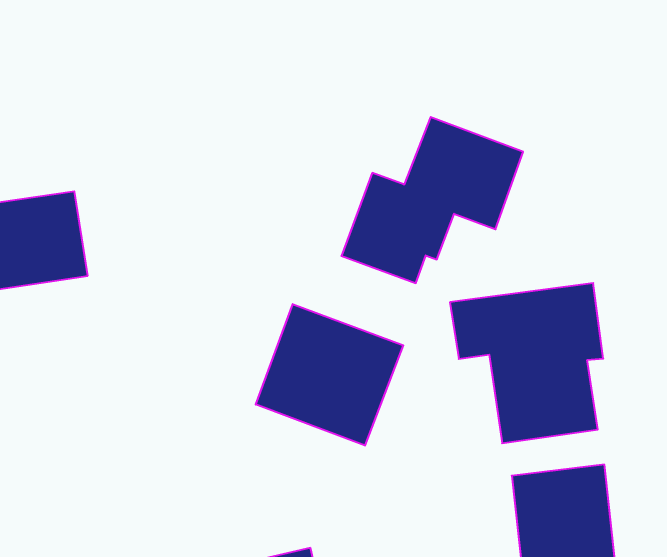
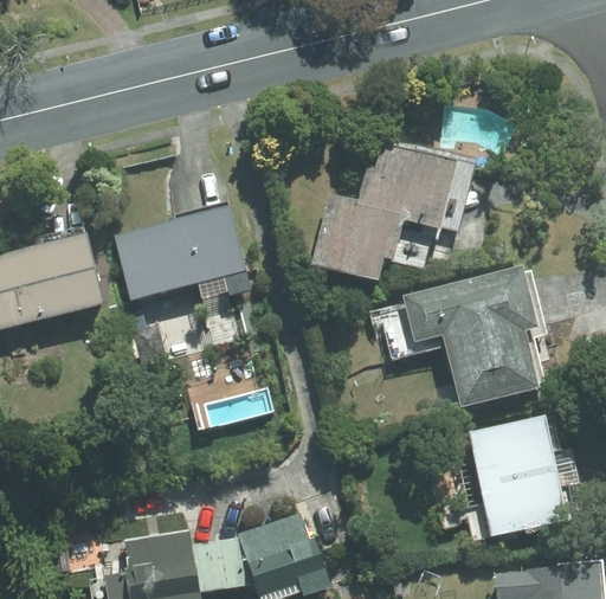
building: none -> [116,207,250,302]
building: [256,304,403,446] -> none

